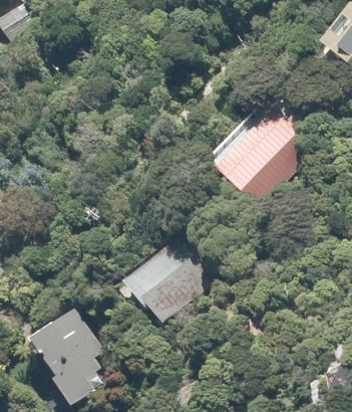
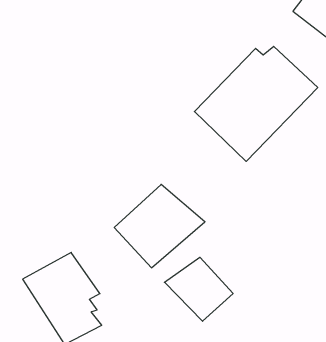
building: none -> [164,257,233,321]

